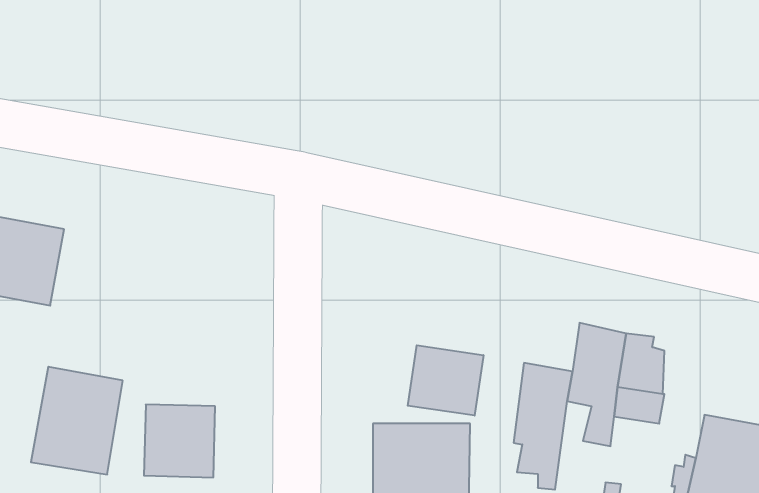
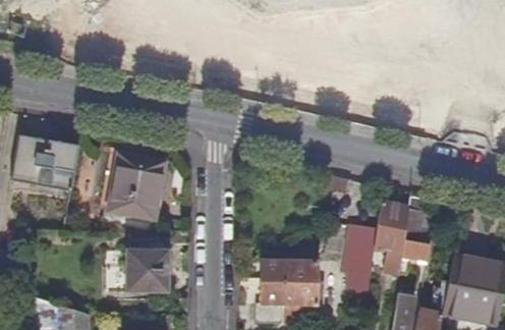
building: [408,345,483,416] -> none
building: [31,367,123,474] -> [107,154,161,217]

